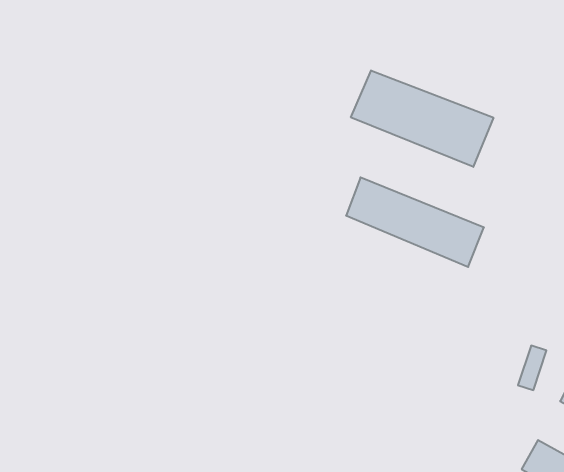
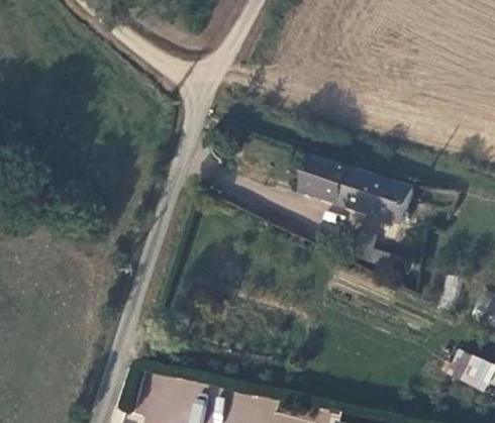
building: [351,70,493,167] -> none

